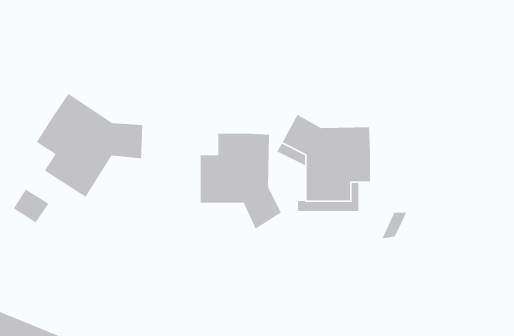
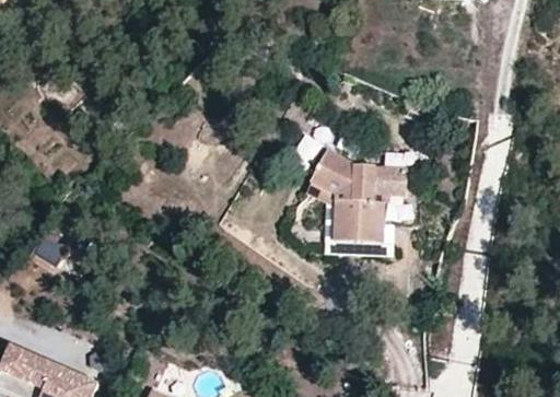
building: [36,93,143,198] -> none
building: [200,133,282,230] -> none

